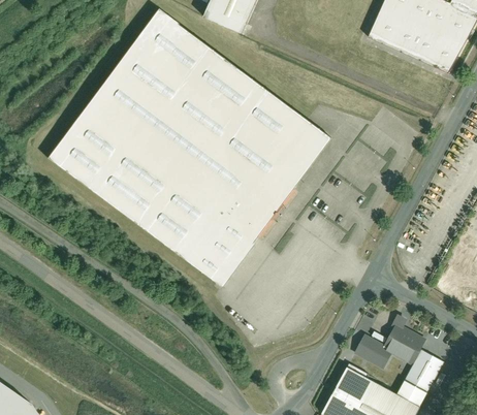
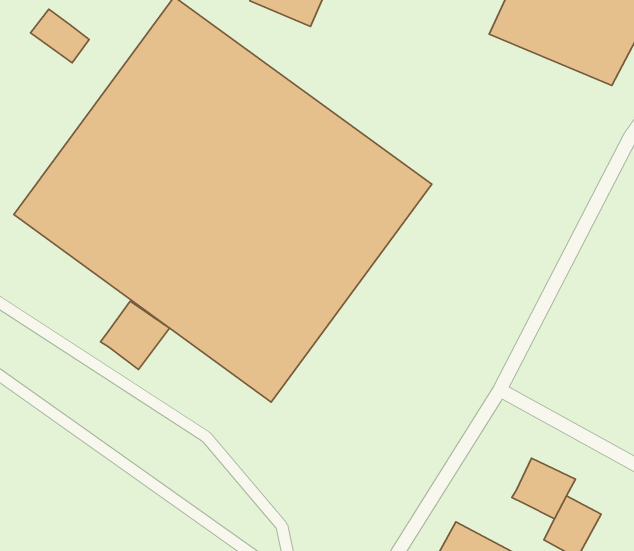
building: none -> [31,9,89,63]
building: none -> [101,301,170,369]
building: [355,332,391,368] -> none

